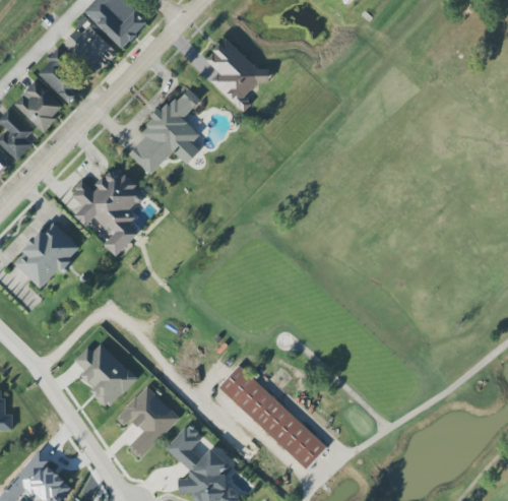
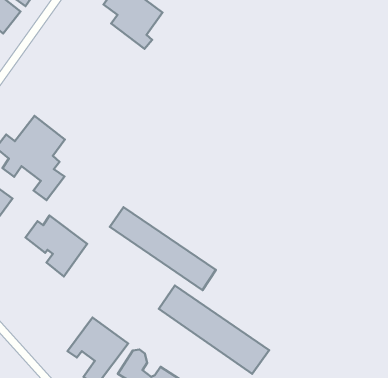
building: [128,85,200,175] -> none
building: none -> [110,207,216,290]
building: [72,342,136,409] -> [26,216,87,276]

